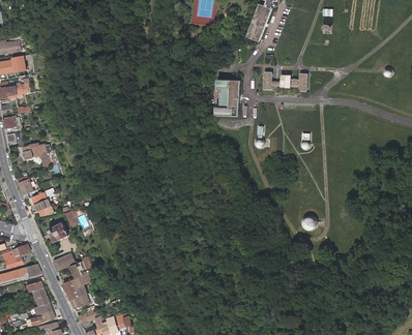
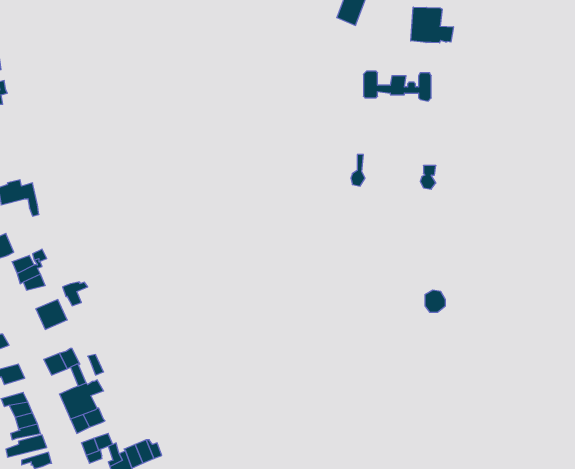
building: none -> [411,7,453,43]
building: [215,79,240,115] -> none

